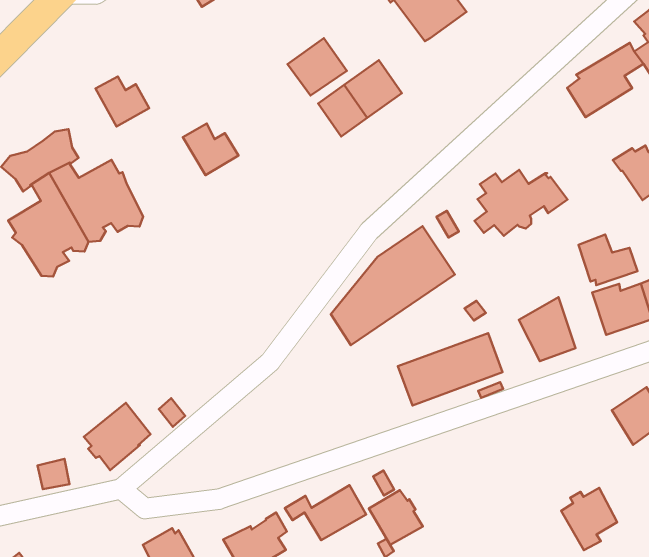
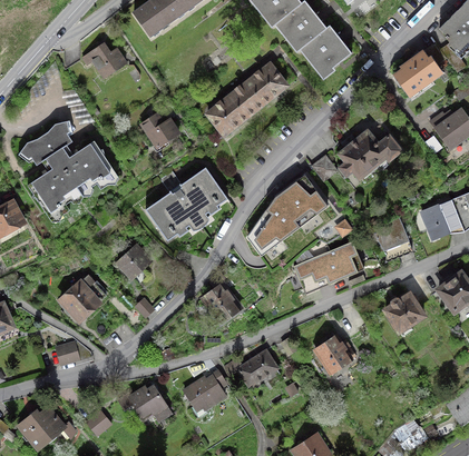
building: none -> [302,27,350,75]
building: [287,38,347,96] -> [206,96,246,135]
building: [95,76,149,126] -> [88,44,125,78]
building: none -> [145,167,227,241]
building: [578,234,637,285] -> none
building: none -> [116,245,149,278]
building: none -> [203,284,238,321]
building: [84,403,151,470] -> [60,275,105,320]
building: [561,488,617,550] -> [384,294,422,336]
building: [369,490,423,545] -> [314,336,351,373]

